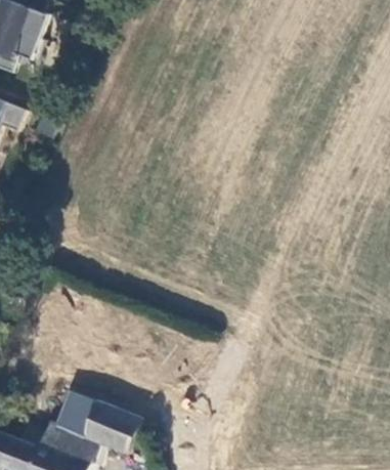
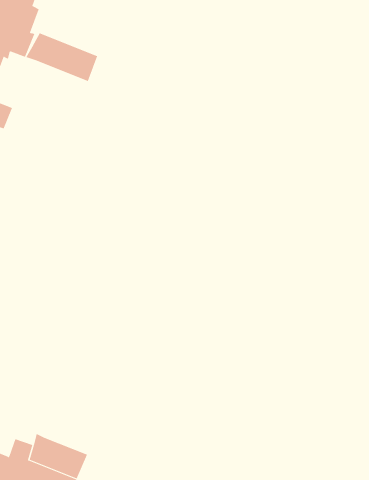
building: none -> [25,32,98,82]
building: [55,393,139,451] -> none

